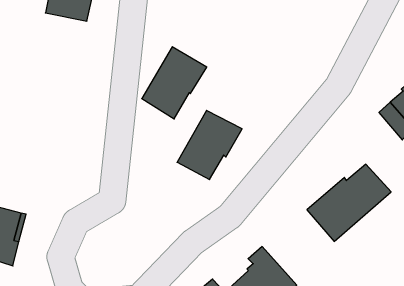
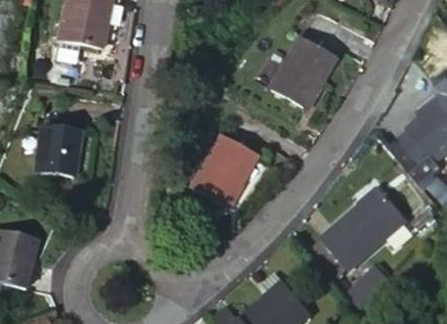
building: [142,47,207,119] -> [270,36,336,108]
building: none -> [36,125,80,178]
building: none -> [347,263,391,305]

